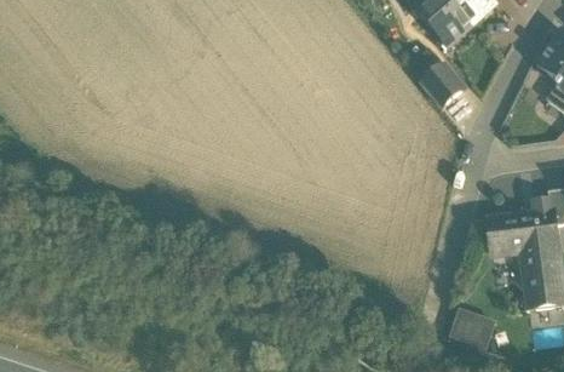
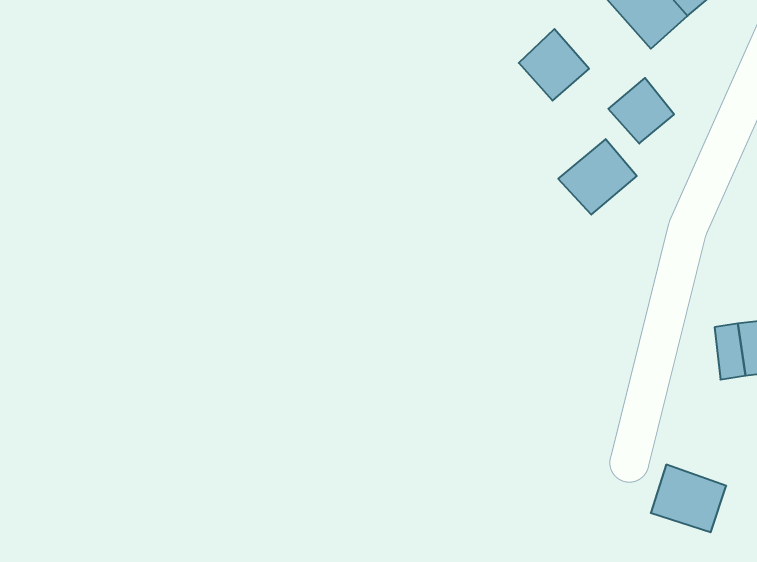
building: none -> [519,29,589,101]
building: none -> [558,139,637,215]

